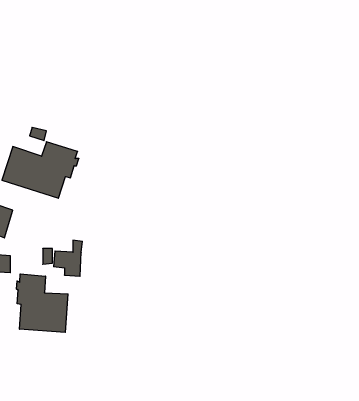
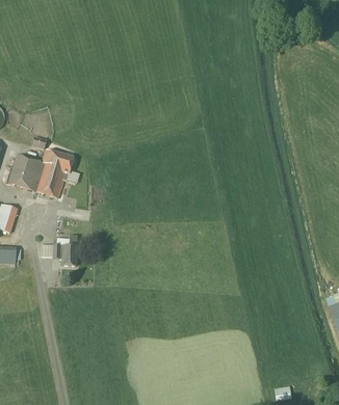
building: [17,274,68,332] -> none

